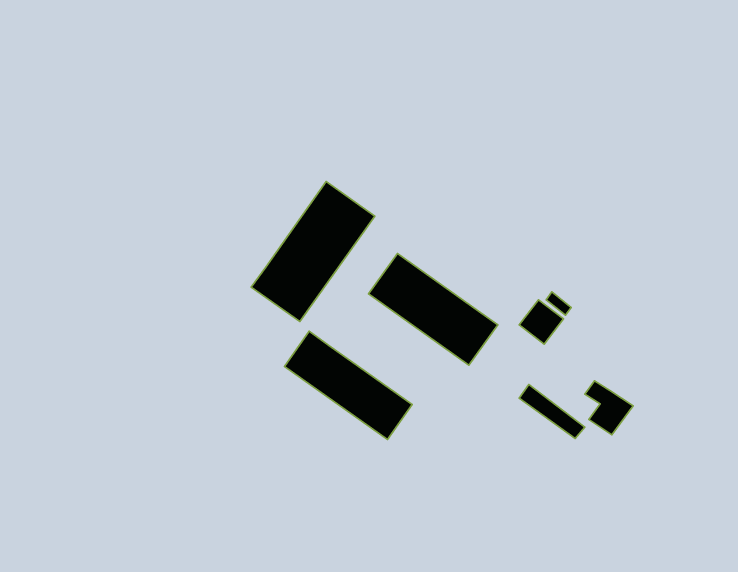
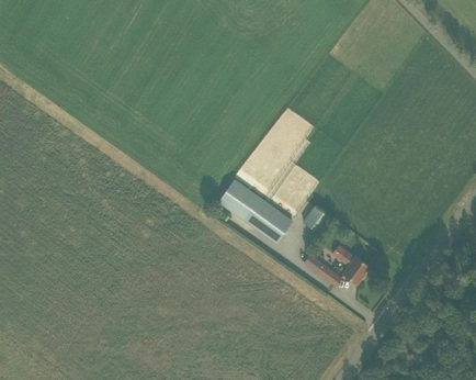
building: [251,182,375,321] -> none
building: [284,331,412,440] -> none

